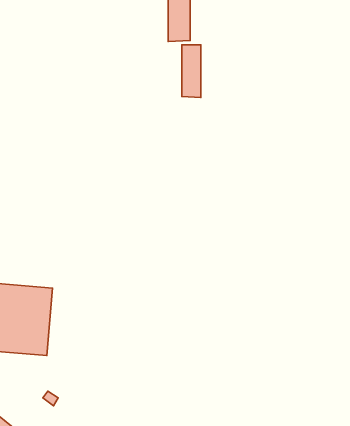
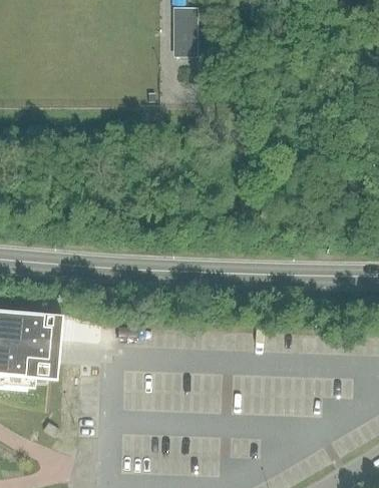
building: [182,45,201,98] -> none

